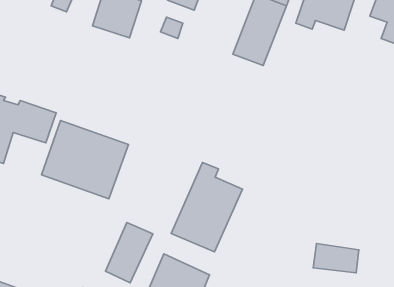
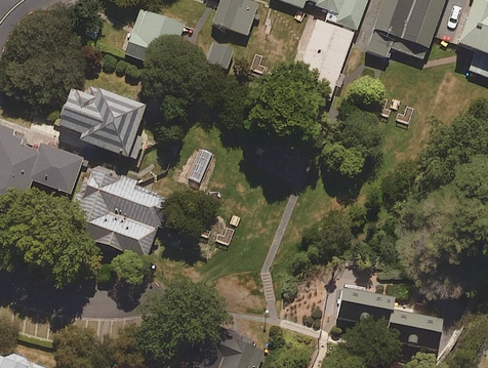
building: none -> [57,89,144,159]
building: [171,162,242,252] -> none
building: [106,223,153,283] -> none
building: none -> [338,289,394,326]

